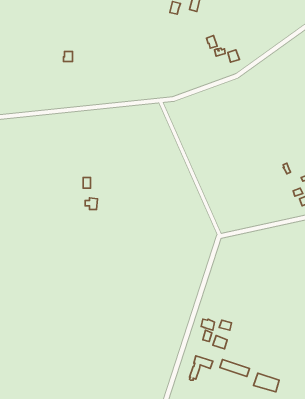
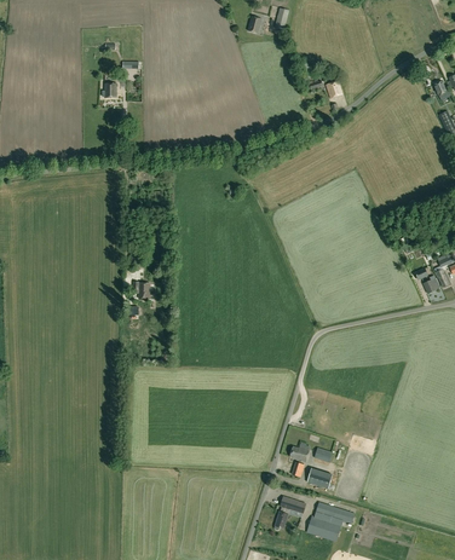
building: [253,373,279,392] -> [306,515,341,541]

